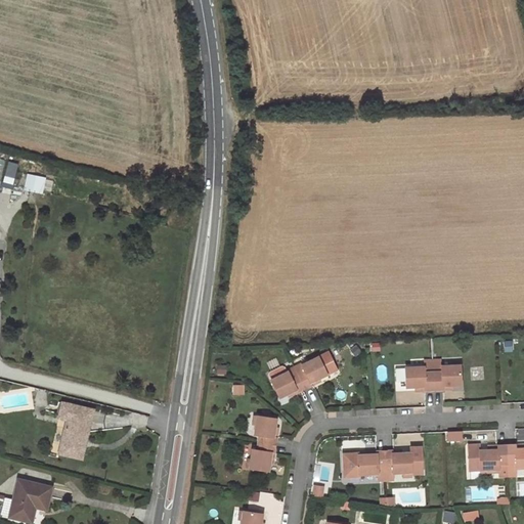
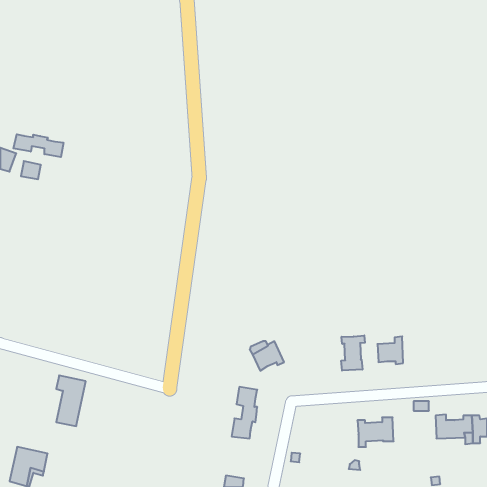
building: none -> [13,134,63,157]
building: [295,356,328,389] -> none
building: none -> [341,335,365,371]
building: [432,361,460,390] -> none
building: [343,451,385,481] -> none

